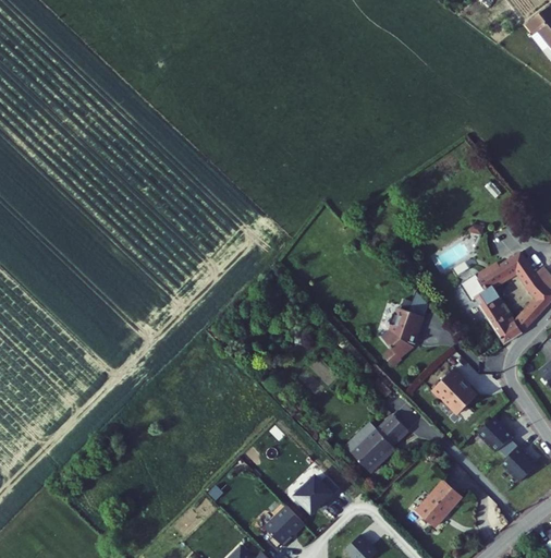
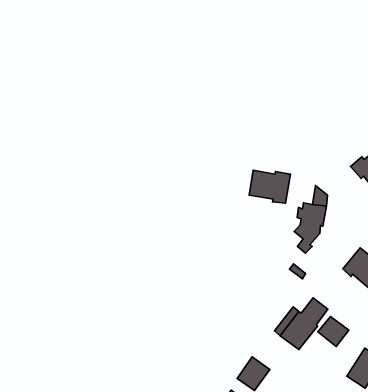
building: none -> [249,170,291,203]
building: none -> [318,316,349,347]

